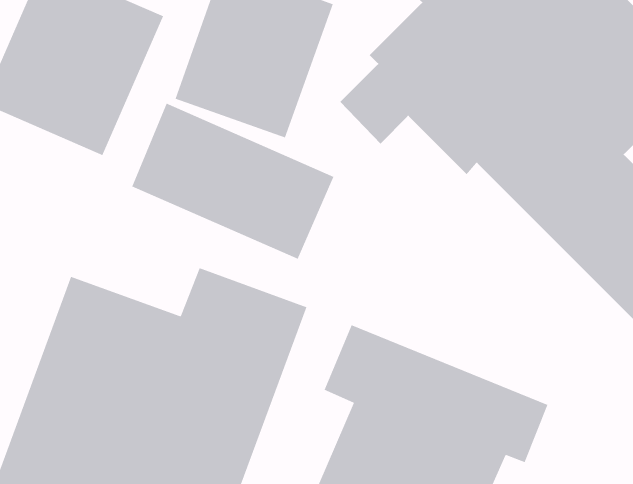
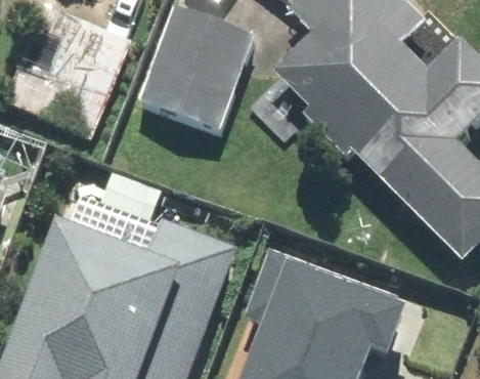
building: [131,103,335,260] -> none

